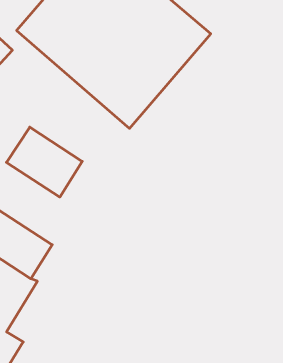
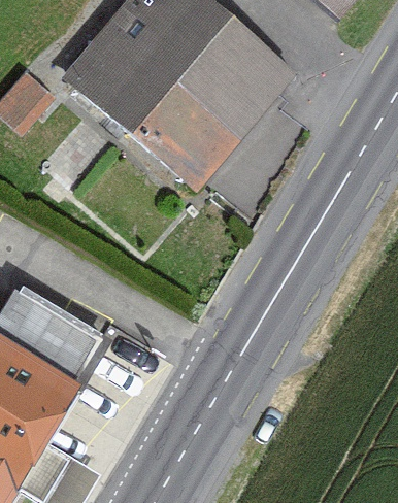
building: [6,127,82,197] -> none

